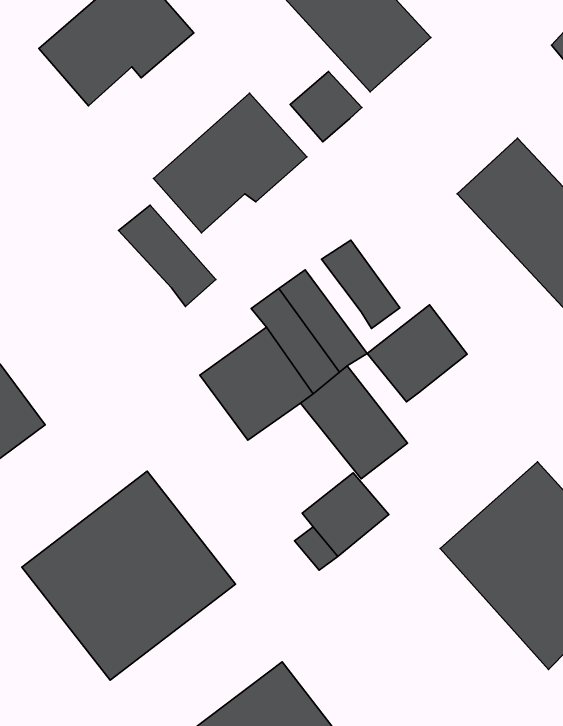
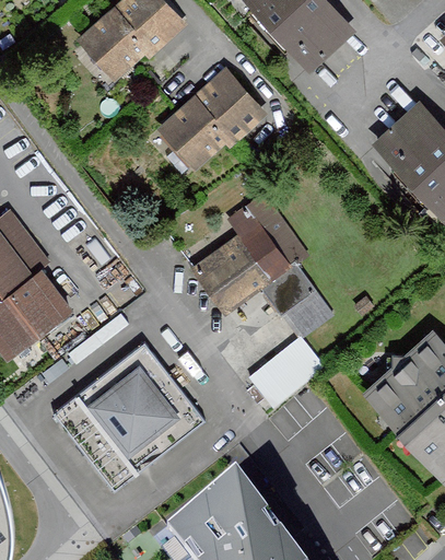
building: [290,71,362,142] -> none
building: [119,205,216,306] -> none
building: [322,240,400,329] -> none
building: [367,305,467,402] -> none

